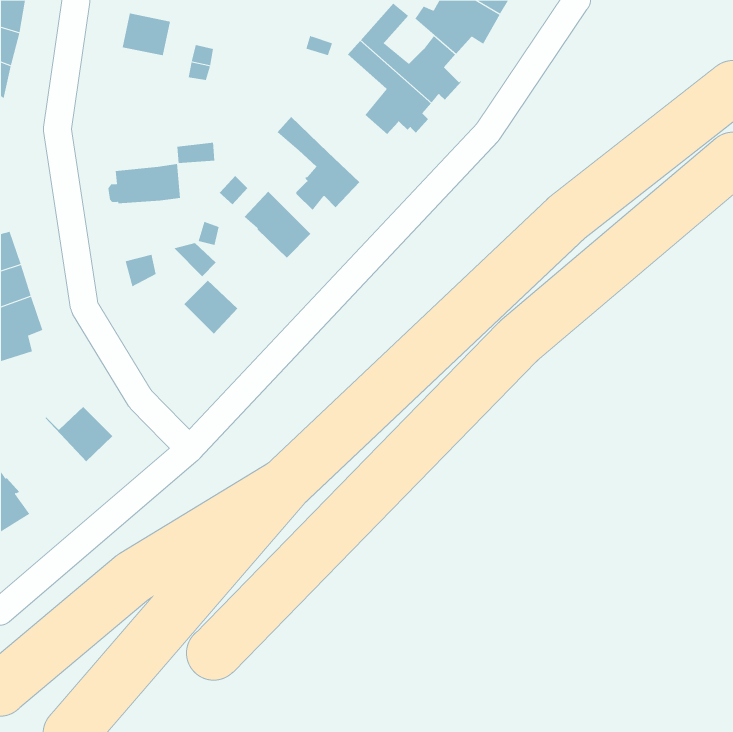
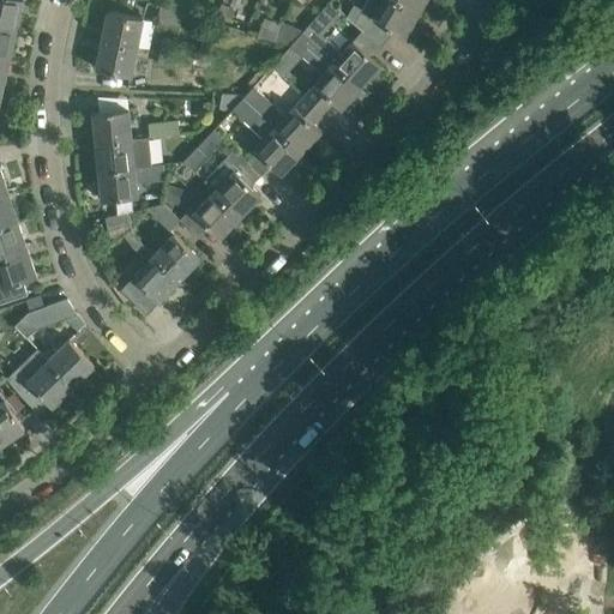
building: none -> [96,41,137,77]
building: none -> [243,88,324,154]
building: none -> [94,110,132,144]
building: none -> [98,169,138,201]
building: none -> [193,193,240,239]
building: none -> [120,248,179,315]
building: none -> [13,300,85,338]
building: none -> [7,350,72,413]

